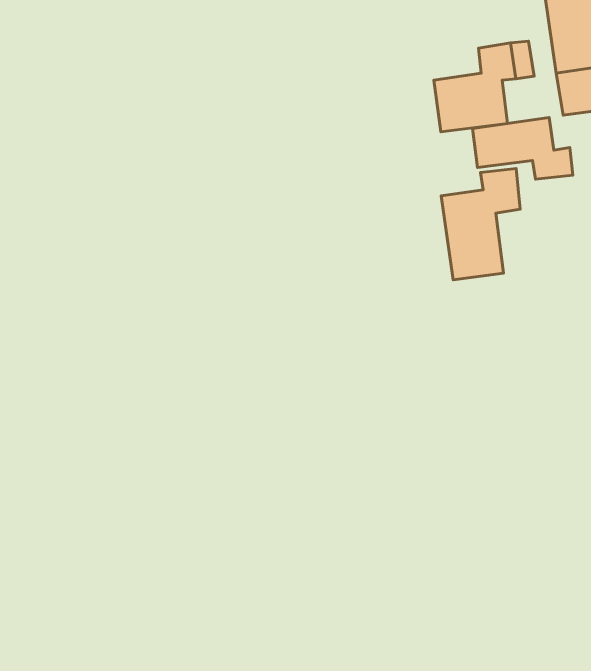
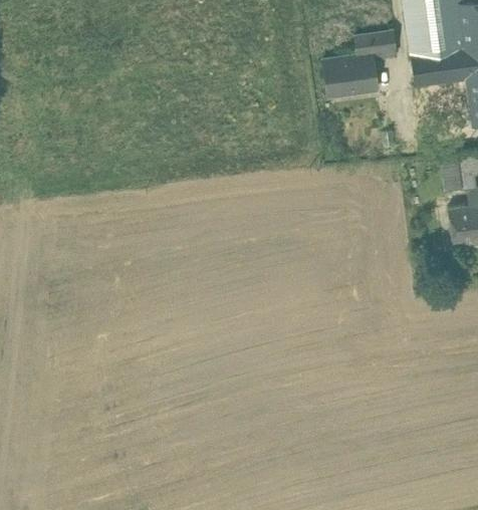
building: [472,118,573,179] -> none
building: [441,168,520,280] -> none

